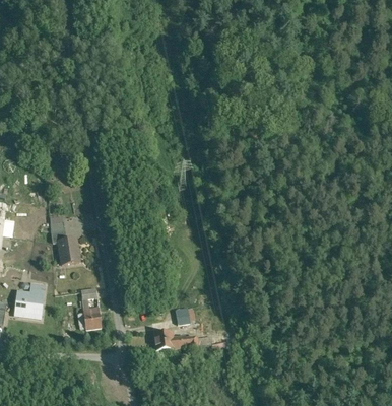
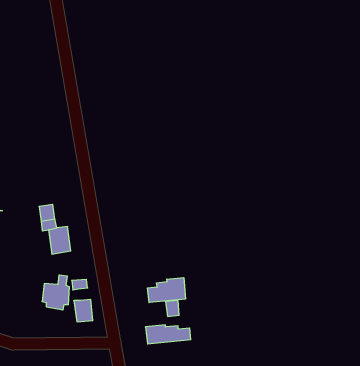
building: [16,282,43,316] -> [42,275,69,310]
building: none -> [148,278,185,303]

